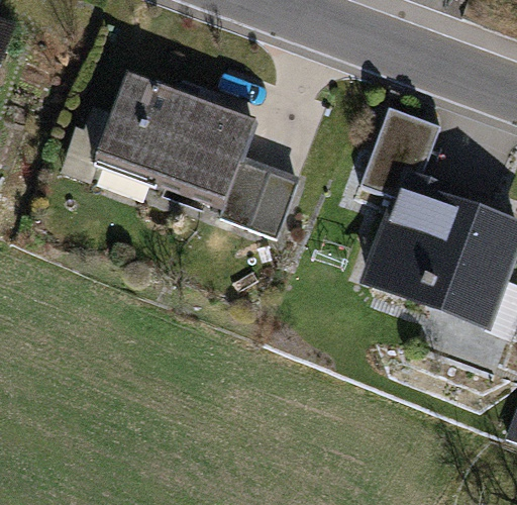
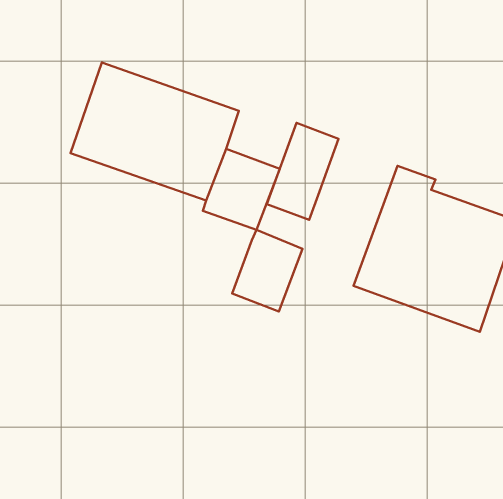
building: [361,107,430,200] -> [267,123,339,220]
building: none -> [232,230,303,312]

